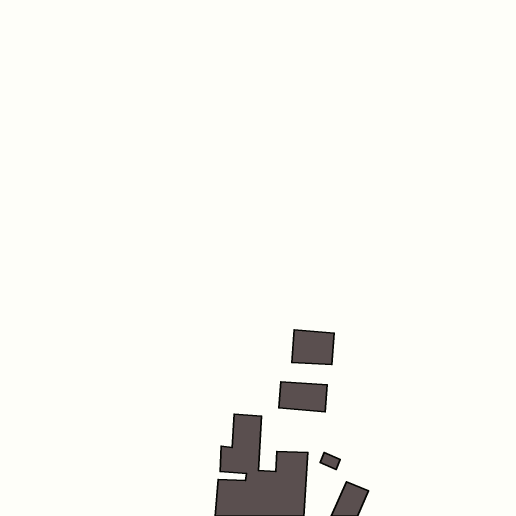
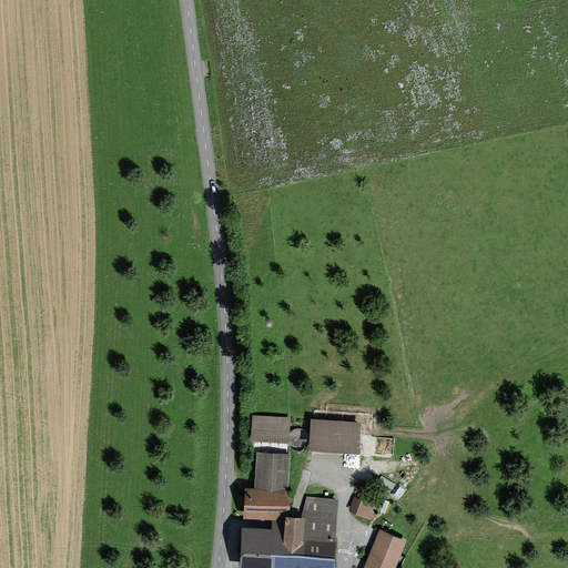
building: [292,330,334,365] -> none
building: none -> [253,418,292,444]

